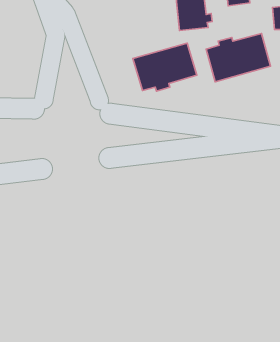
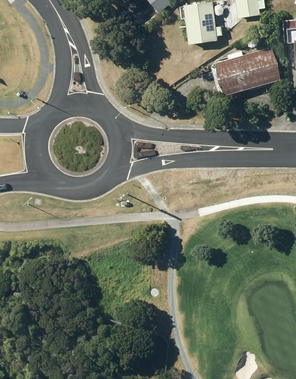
building: [133,43,197,91] -> none

